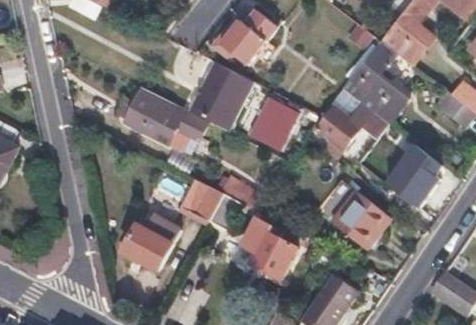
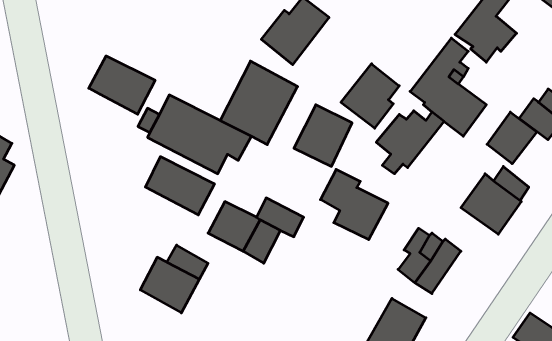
building: none -> [89,56,155,114]
building: none -> [341,64,399,128]
building: none -> [487,112,537,164]
building: none -> [145,157,214,215]
building: [241,220,297,278] -> [320,169,388,240]

